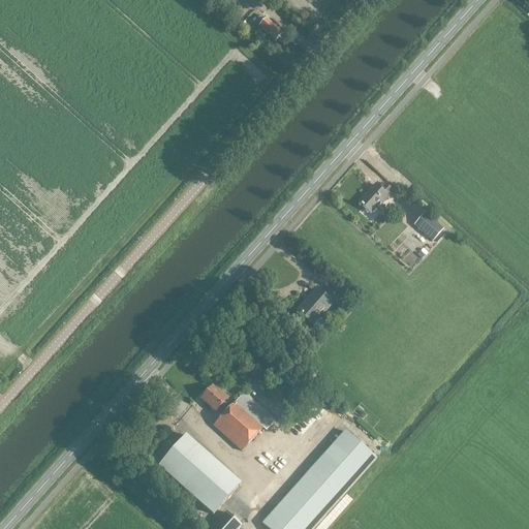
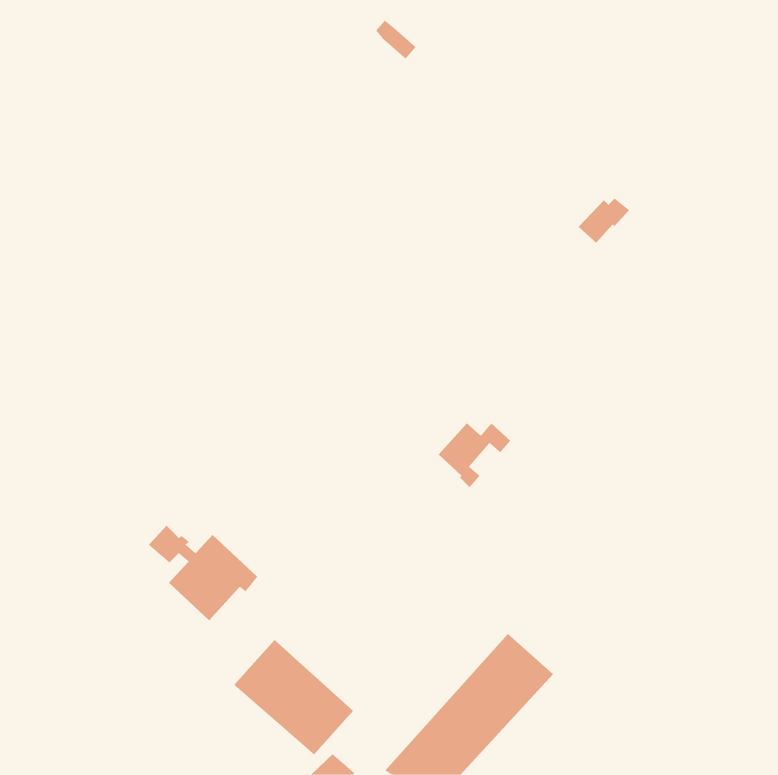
building: [357,181,393,212] -> [578,198,630,244]
building: [411,208,441,237] -> none
building: [199,384,274,449] -> [148,525,258,621]

